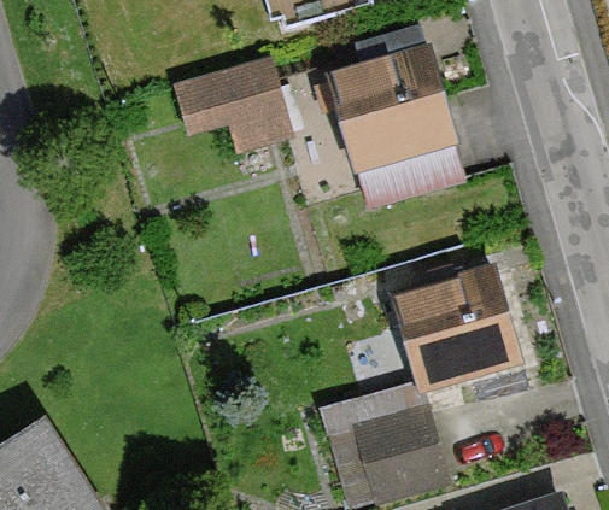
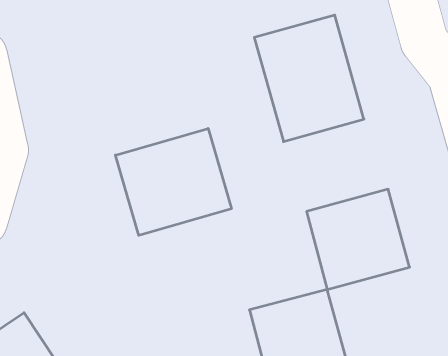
building: [175,58,292,150] -> none
building: none -> [115,128,231,235]

